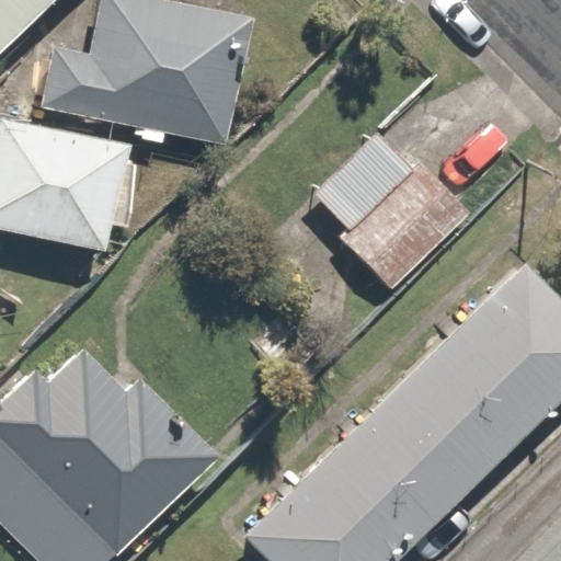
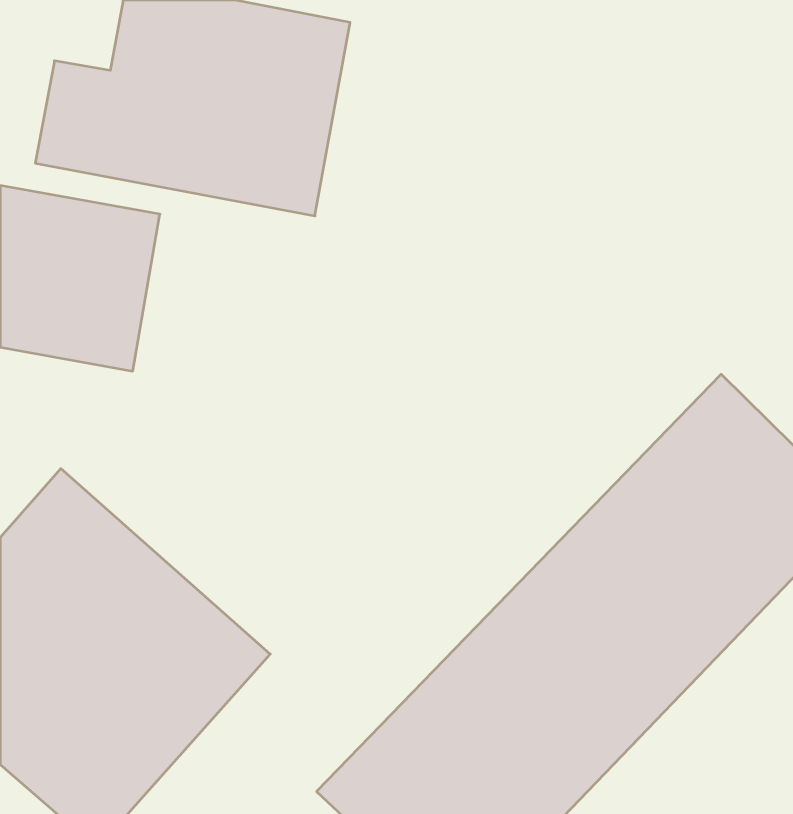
building: [310,126,484,299] -> none

